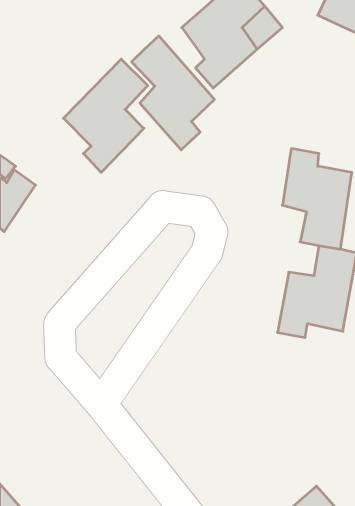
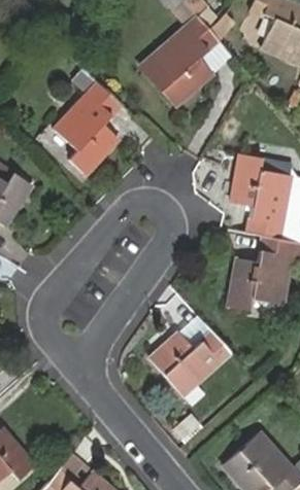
building: [132,36,214,150] -> none
building: none -> [149,328,232,395]

